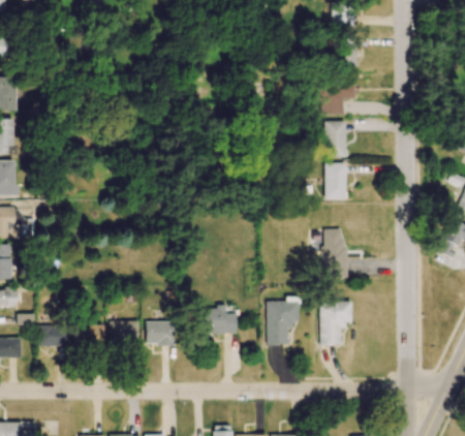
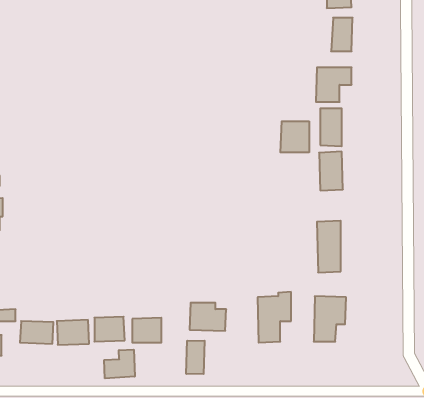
building: none -> [280,121,309,152]
building: none -> [186,341,205,374]
building: none -> [104,350,135,378]

